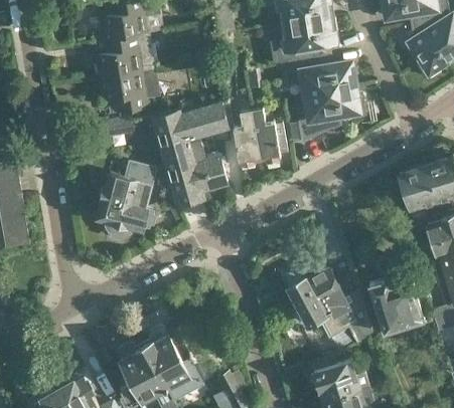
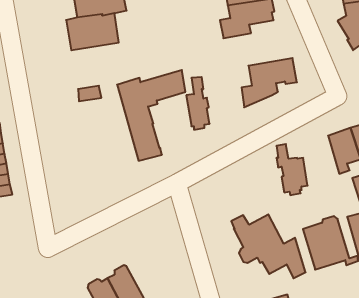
building: [277,56,357,96] -> none
building: [100,69,160,113] -> none
building: [252,108,288,167] -> [276,144,308,195]
building: [189,141,229,192] -> none
building: [98,164,157,241] -> none

